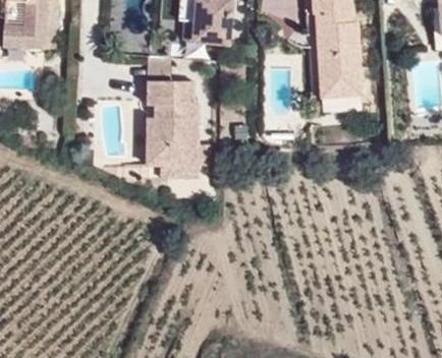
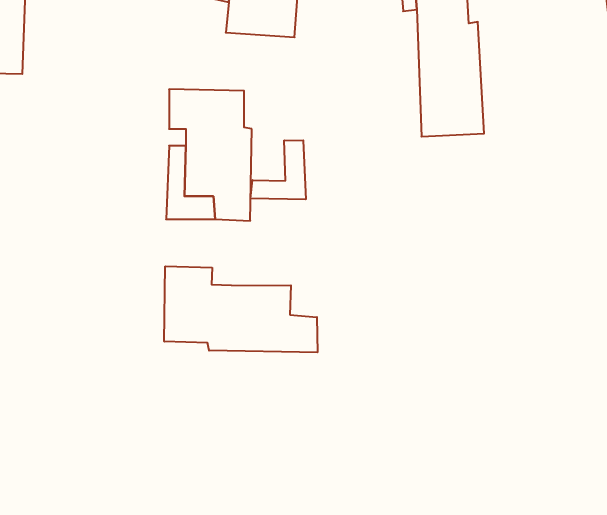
building: none -> [251,140,306,199]
building: none -> [164,266,317,352]

